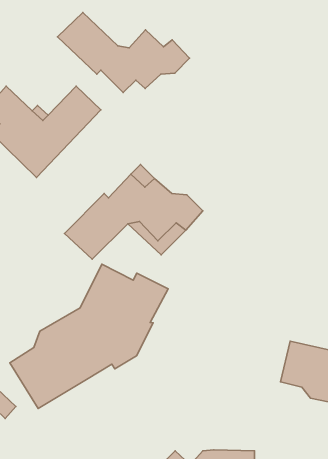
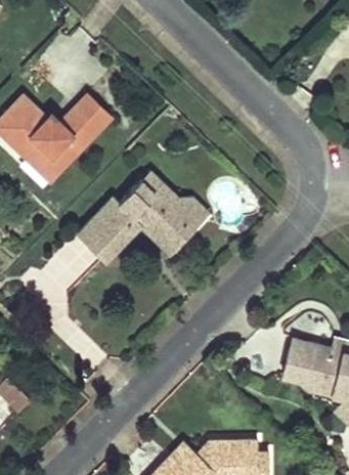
building: [58,12,189,92] -> none
building: [10,264,168,409] -> none

